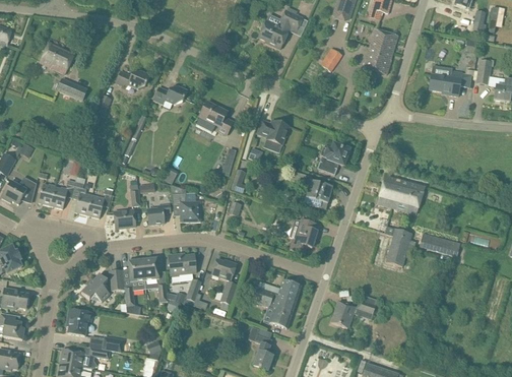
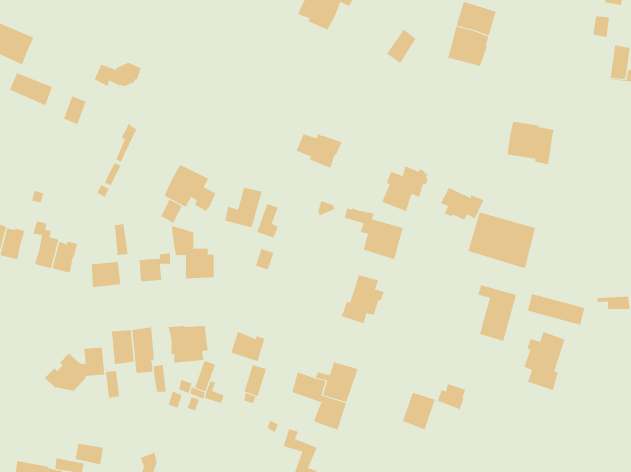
building: [429,65,462,96] -> [507,121,555,165]
building: [153,86,187,108] -> none
building: [196,101,233,134] -> [164,164,216,212]
building: none -> [440,187,484,221]
building: none -> [524,331,565,391]
building: [67,308,88,335] -> none

